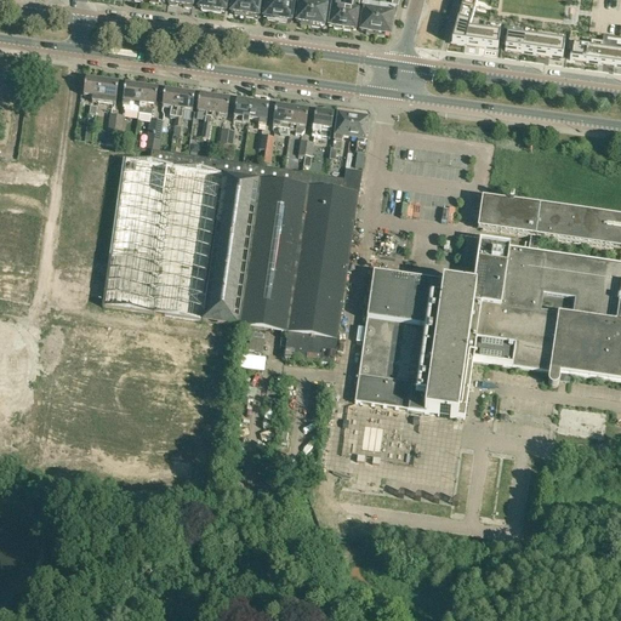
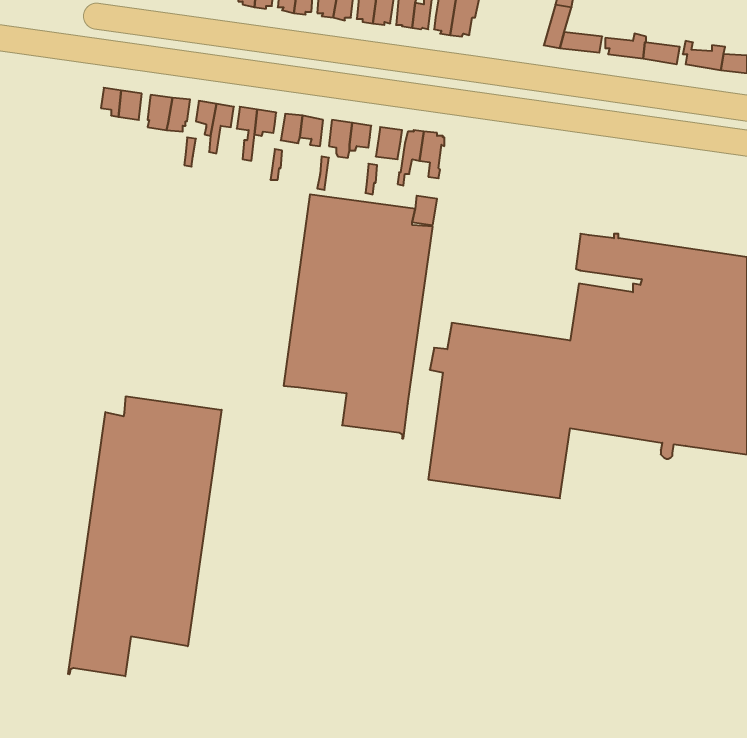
building: [102,146,257,320] -> none
building: none -> [68,396,222,676]

